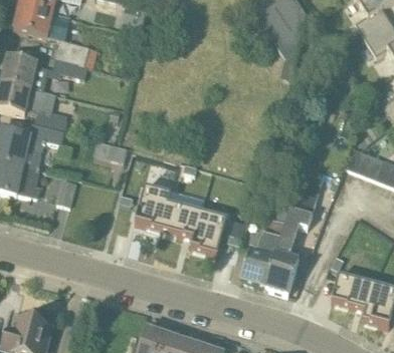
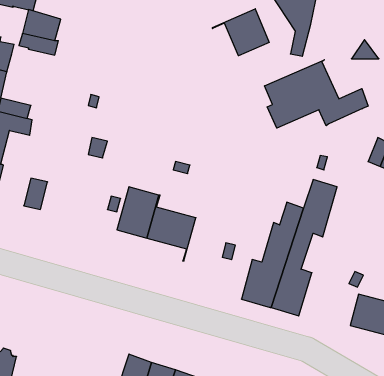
building: none -> [213,9,269,56]
building: none -> [265,60,368,128]
building: [191,212,226,255] -> none

